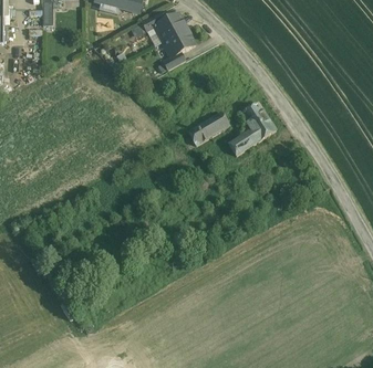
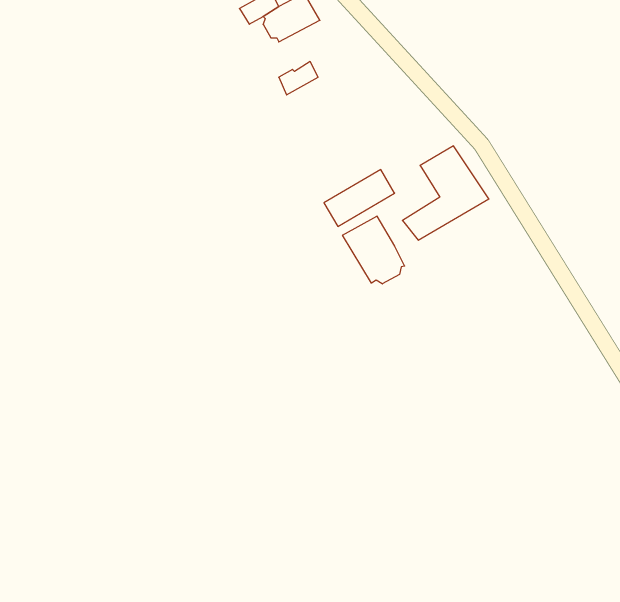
building: [163,28,195,56] -> none
building: none -> [343,216,405,284]

